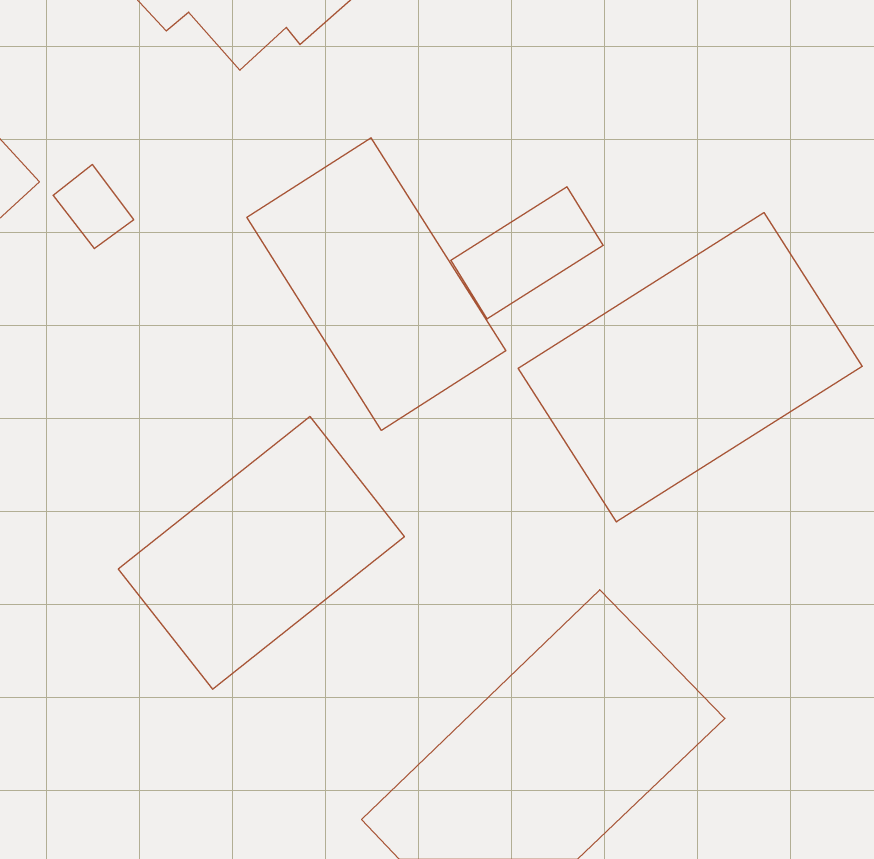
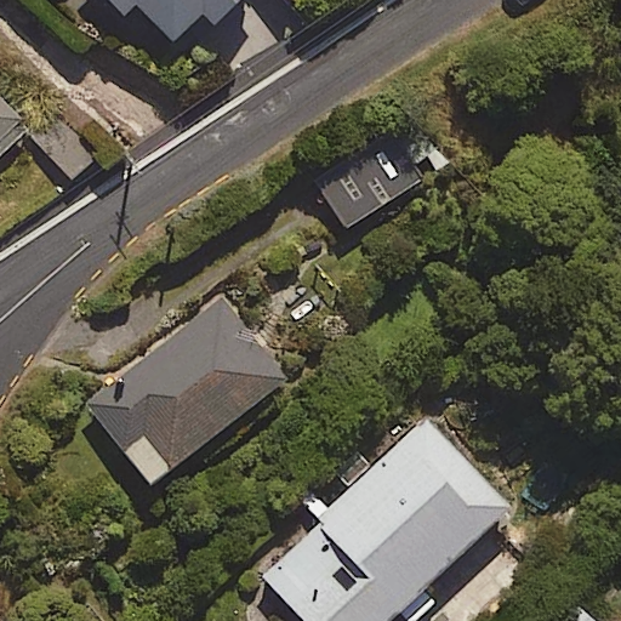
building: [247,138,506,430] -> none
building: [518,213,862,522] -> none

